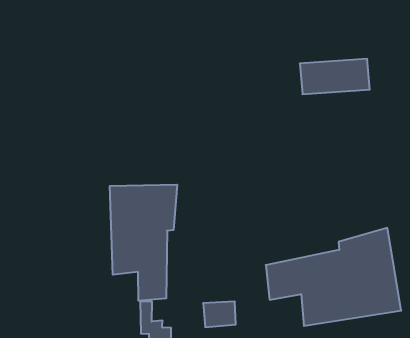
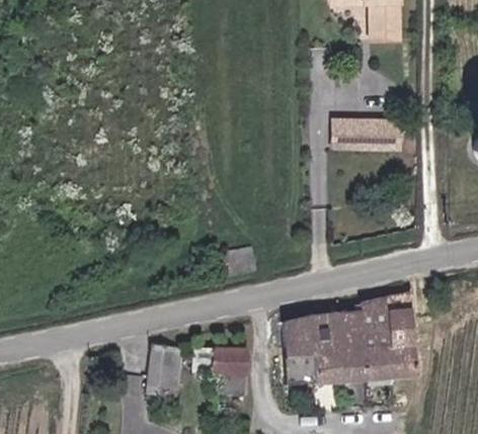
building: [110,185,177,301] -> none

